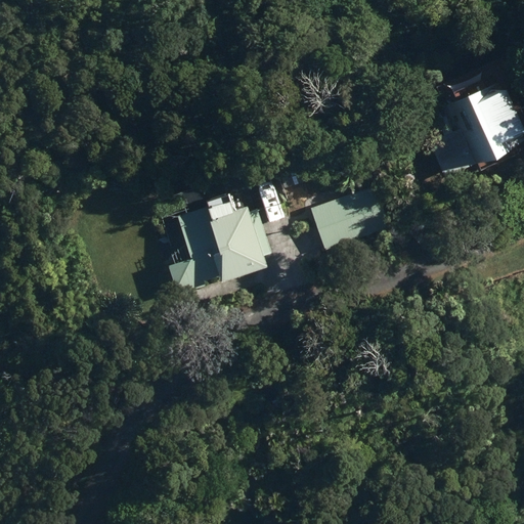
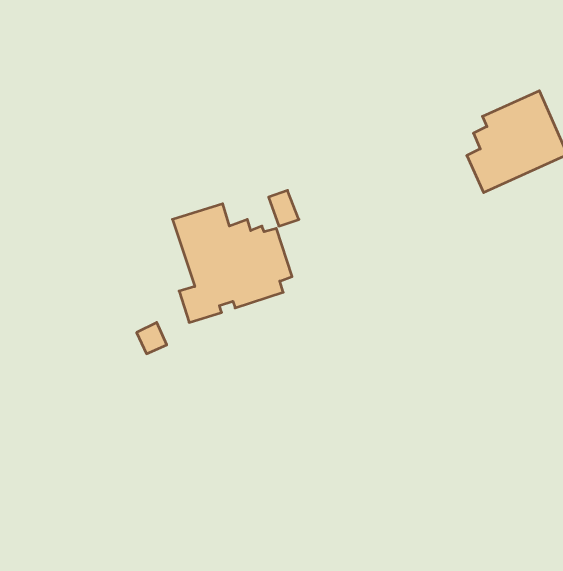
building: [313,185,373,249] -> none

